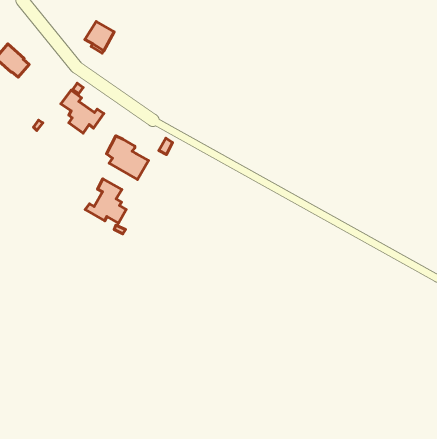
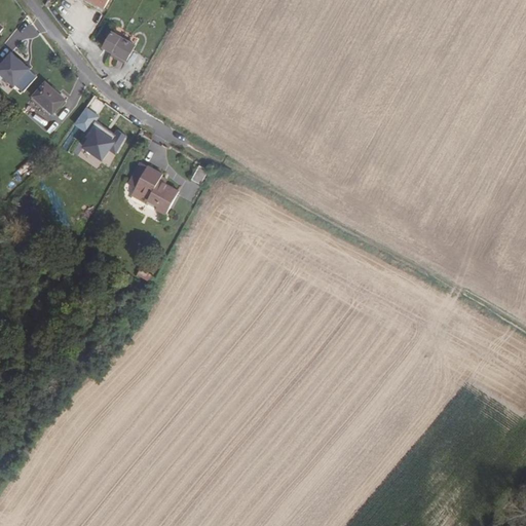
building: none -> [31,82,64,114]
building: [85,179,126,223] -> none

